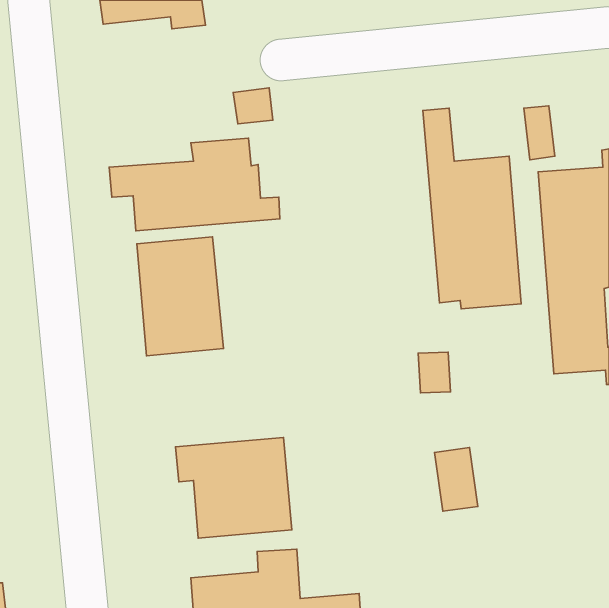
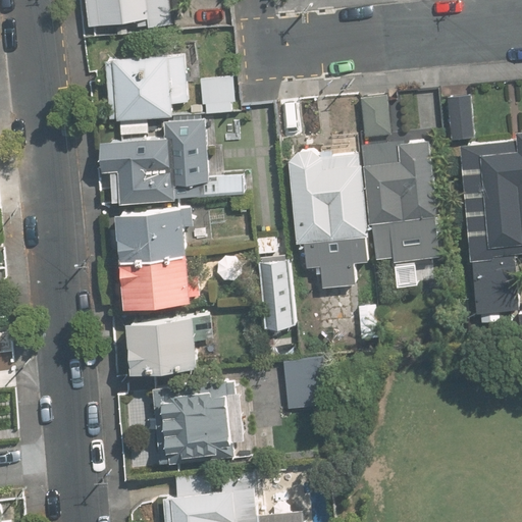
building: none -> [107,56,188,132]
building: none -> [293,153,364,288]
building: none -> [260,260,292,328]
building: none -> [132,317,202,372]
building: [435,448,478,511] -> [280,359,317,413]

